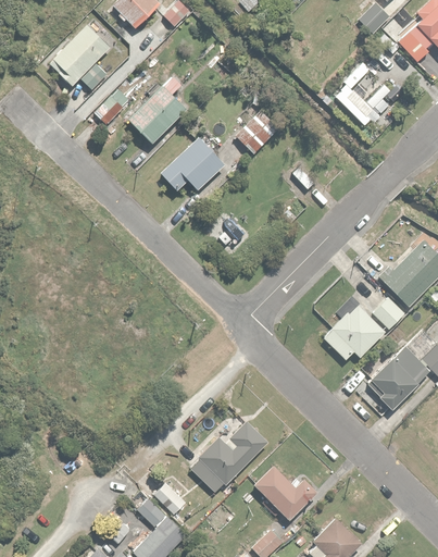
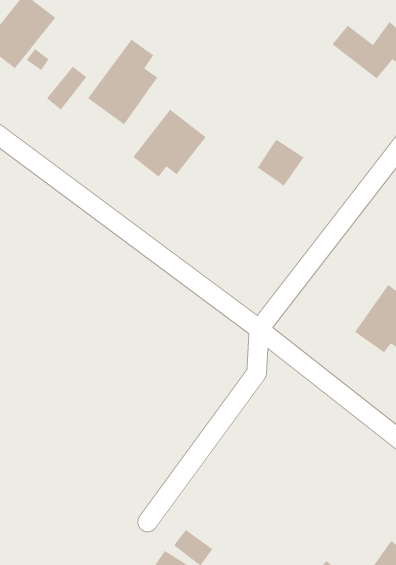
building: [235,115,275,156] -> [257,139,304,186]
building: [191,421,267,495] -> none
building: [253,463,320,519] -> none

